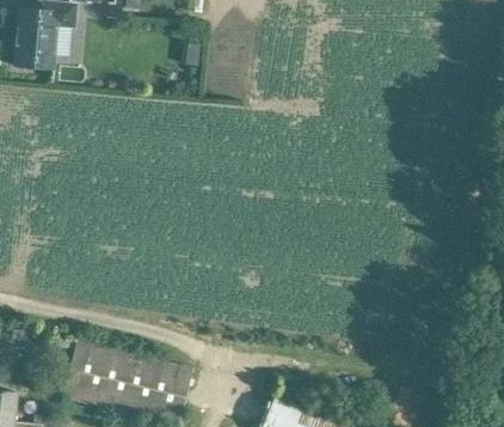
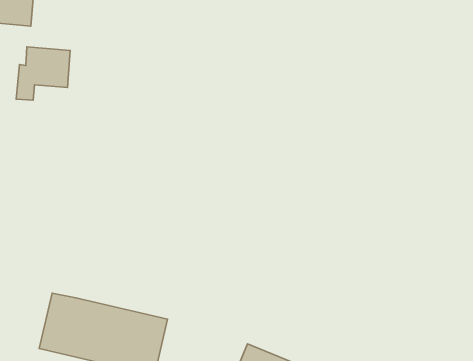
building: none -> [16,47,70,100]

